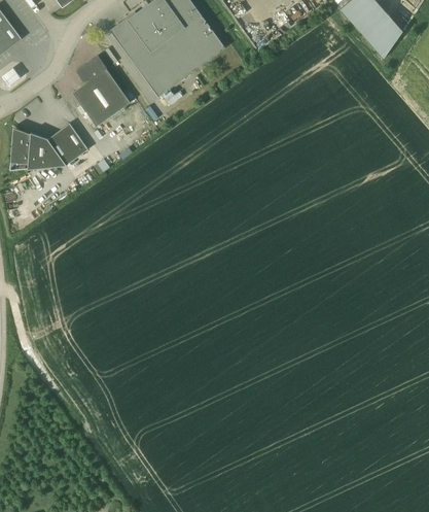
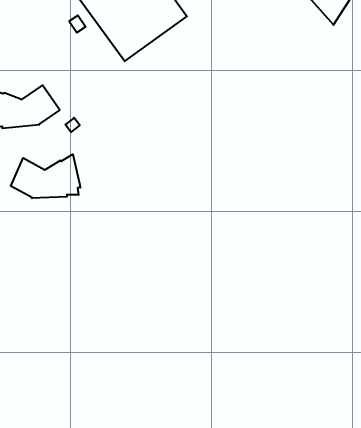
building: [72,56,131,127] -> none
building: none -> [11,154,80,198]

